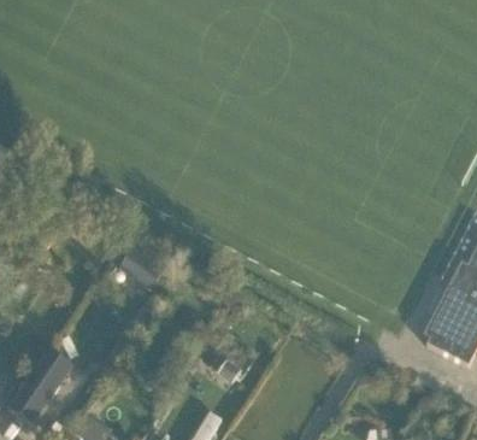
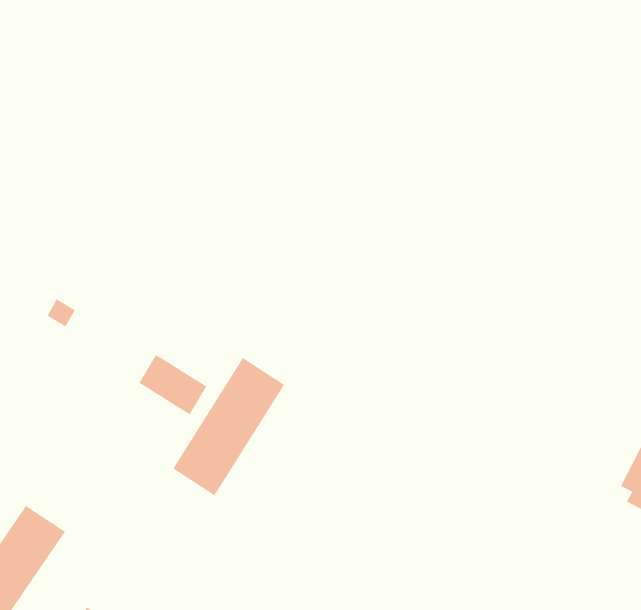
building: none -> [173,357,285,496]

